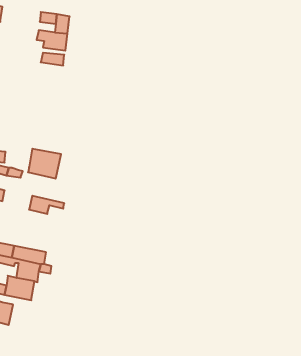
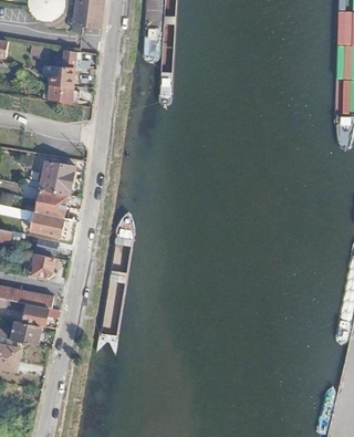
building: none -> [38,159,74,194]
building: none -> [29,212,62,237]
building: none -> [24,253,53,279]

